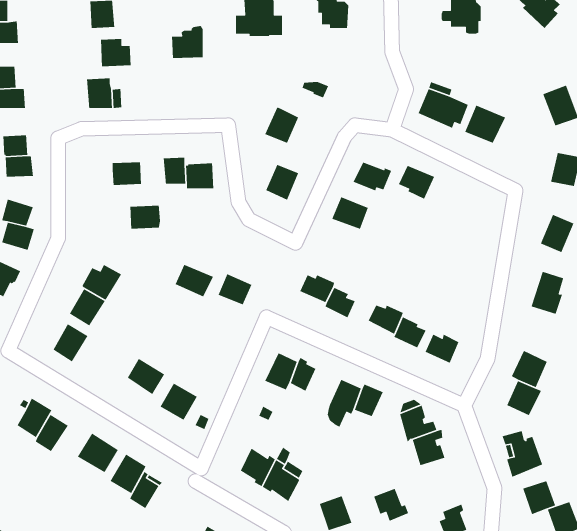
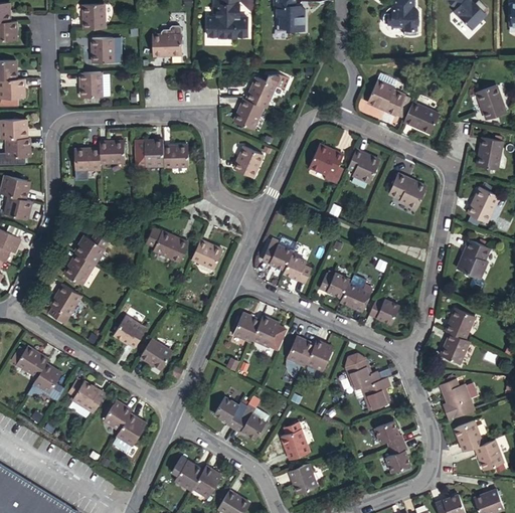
building: none -> [245,77,274,108]
building: none -> [390,172,427,205]
building: [331,196,369,230] -> none
building: [129,205,161,229] -> [73,152,101,173]
building: [373,488,409,522] -> [371,418,402,448]

